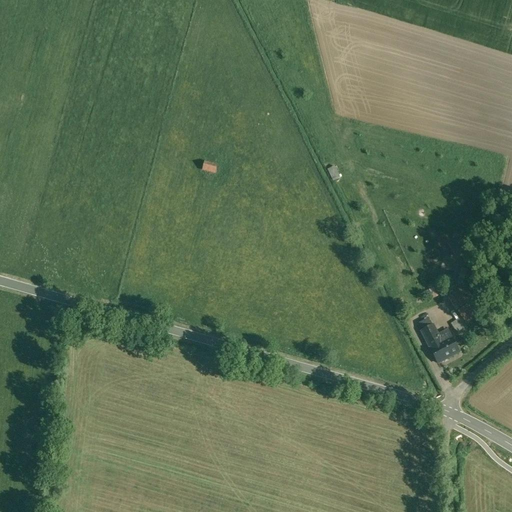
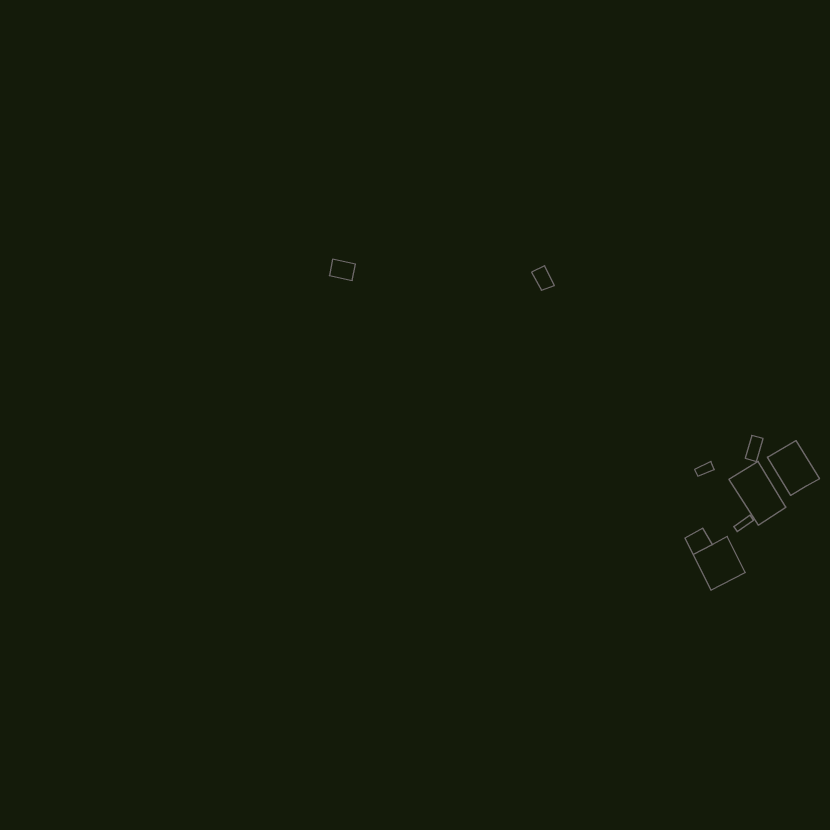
building: none -> [767,441,819,495]

